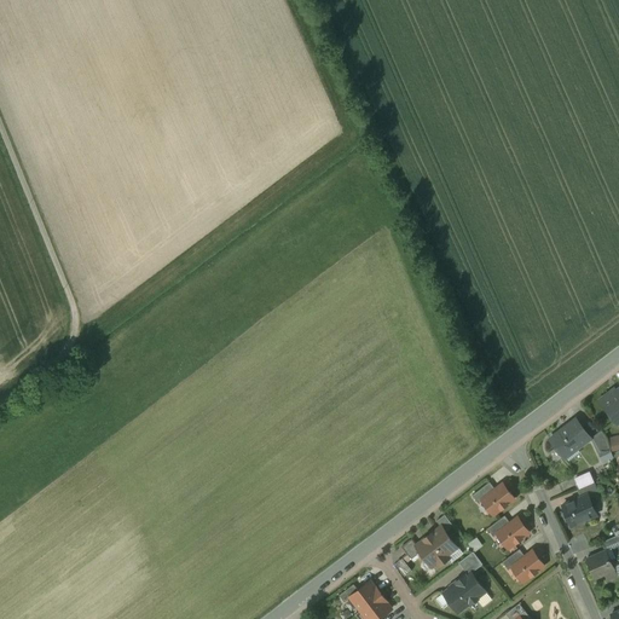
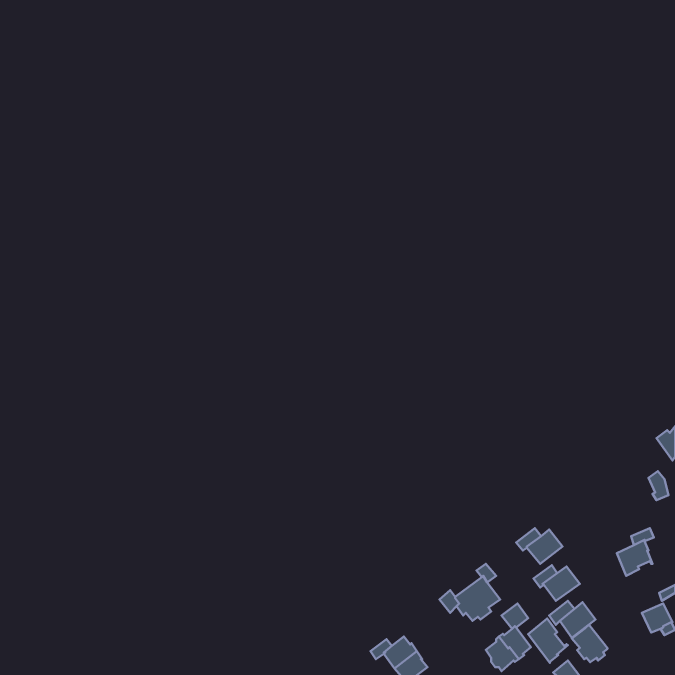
building: [550,420,590,459] -> none
building: none -> [528,618,568,663]
building: none -> [572,624,607,662]

